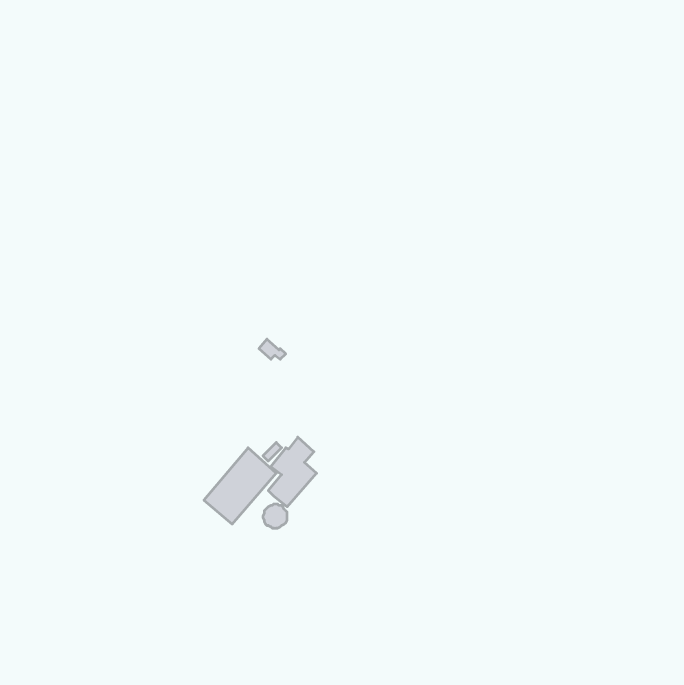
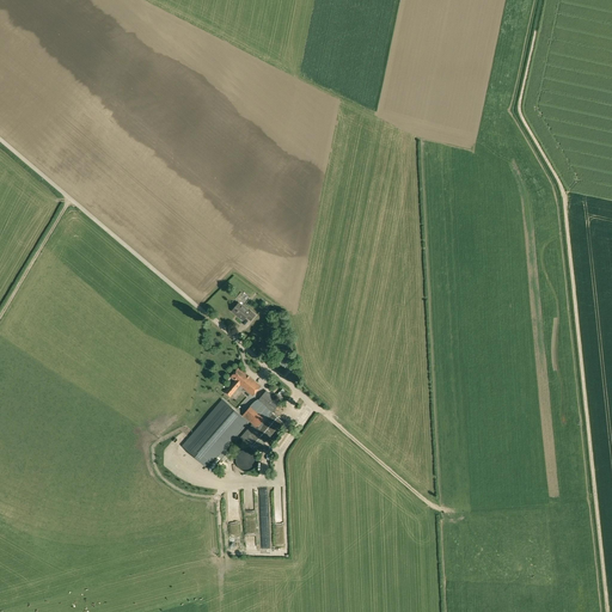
building: none -> [224,368,259,398]

